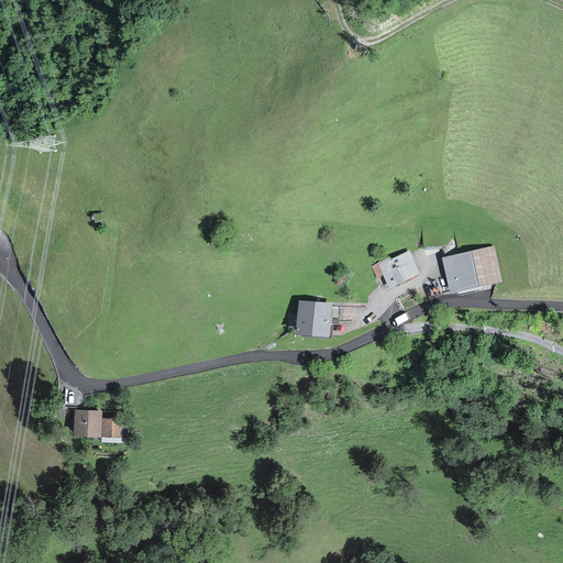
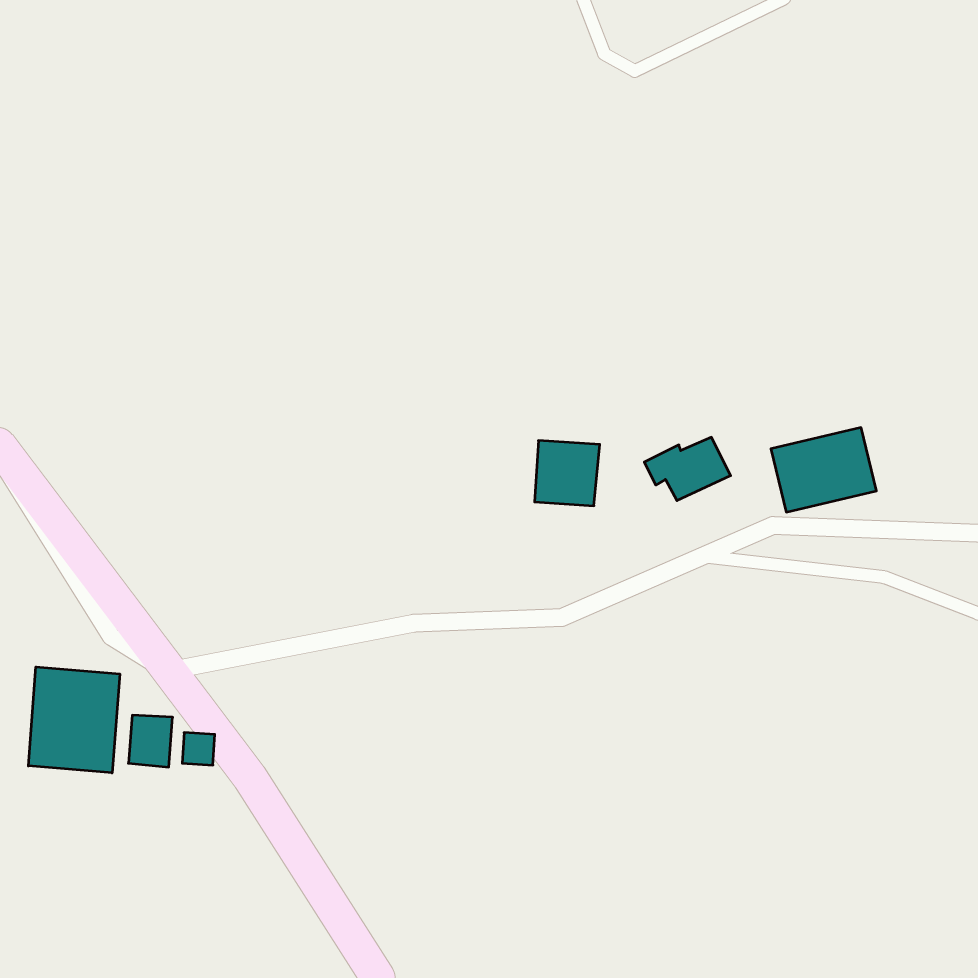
building: [295,299,332,336] -> [535,441,600,506]
building: none -> [28,667,120,773]

